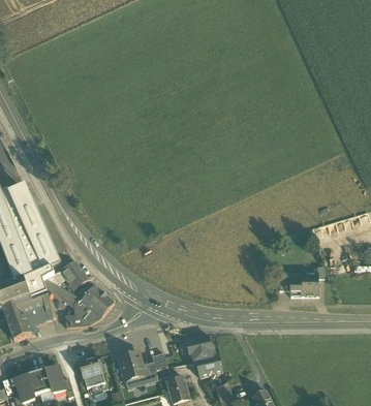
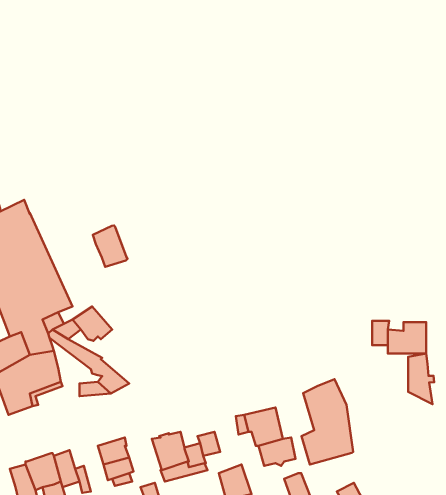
building: none -> [93,225,127,267]
building: [81,285,114,317] -> none
building: none -> [408,354,434,404]
building: none -> [301,379,353,465]

